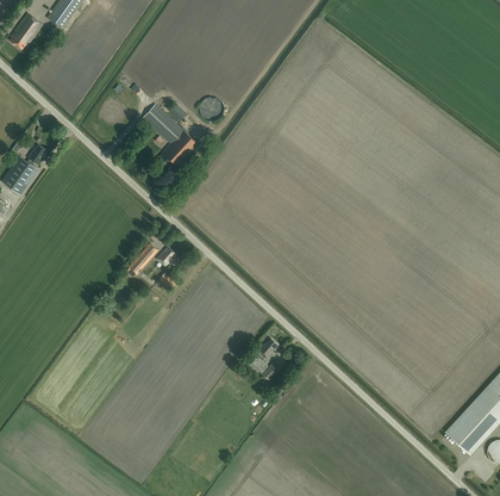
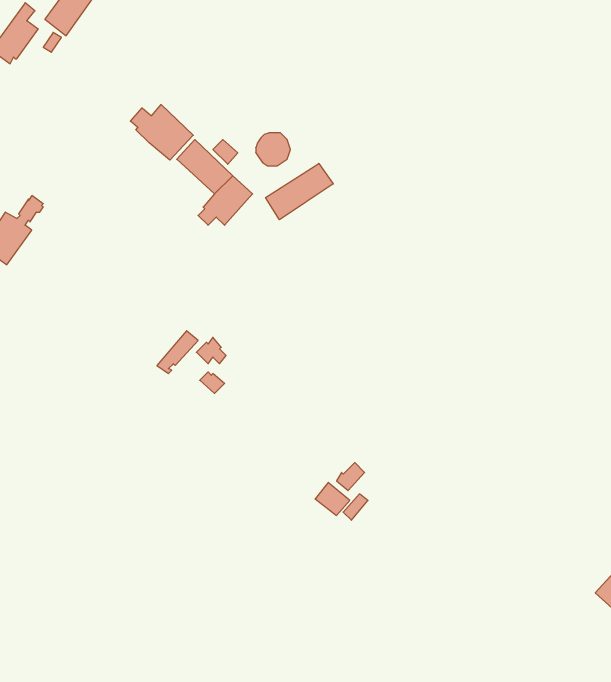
building: none -> [130,105,193,160]
building: none -> [266,163,333,220]

